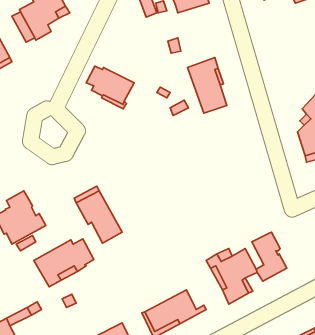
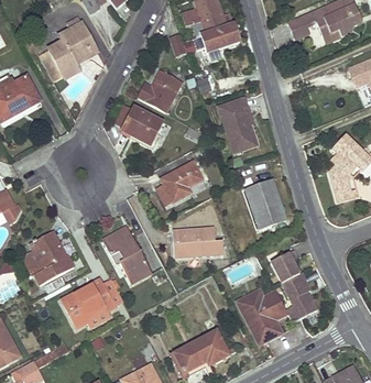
building: none -> [138,70,182,112]
building: none -> [156,162,203,206]
building: none -> [244,179,286,229]
building: none -> [172,227,223,255]
building: none -> [271,250,299,283]

